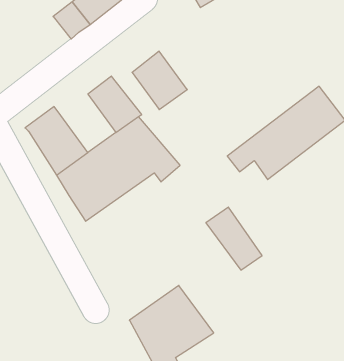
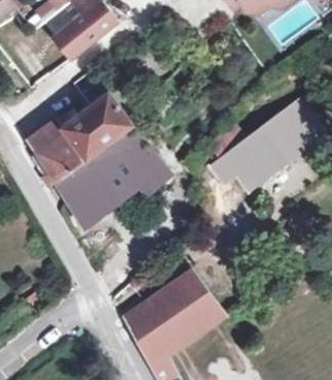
building: [132,51,187,110] -> [61,110,111,164]
building: [206,207,262,270] -> [169,272,221,329]

